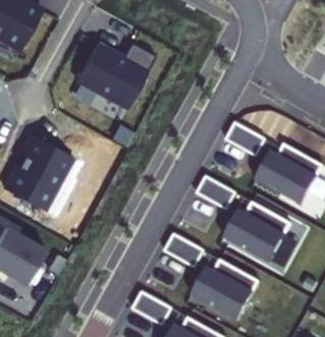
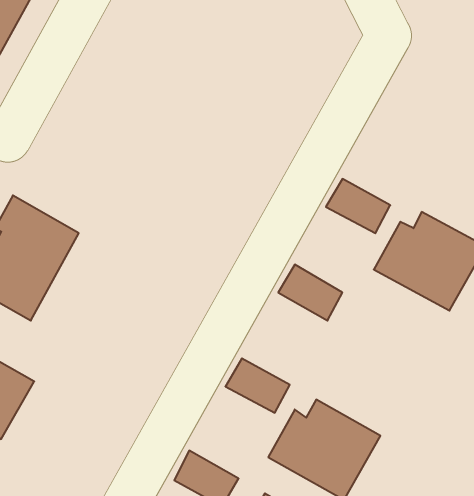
building: [77,44,153,107] -> none
building: [222,204,291,265] -> none

